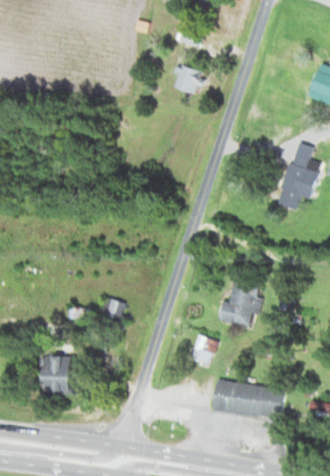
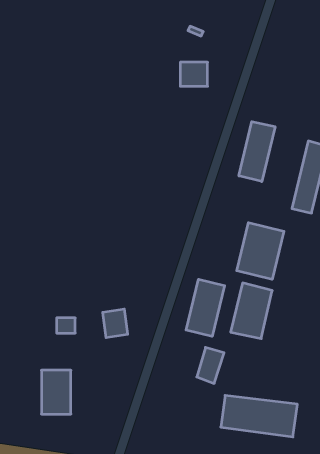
building: none -> [239,122,275,182]
building: none -> [237,223,284,279]
building: none -> [186,279,225,336]

